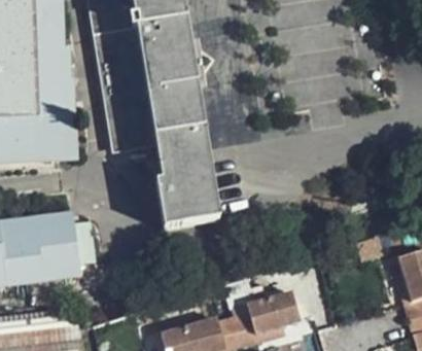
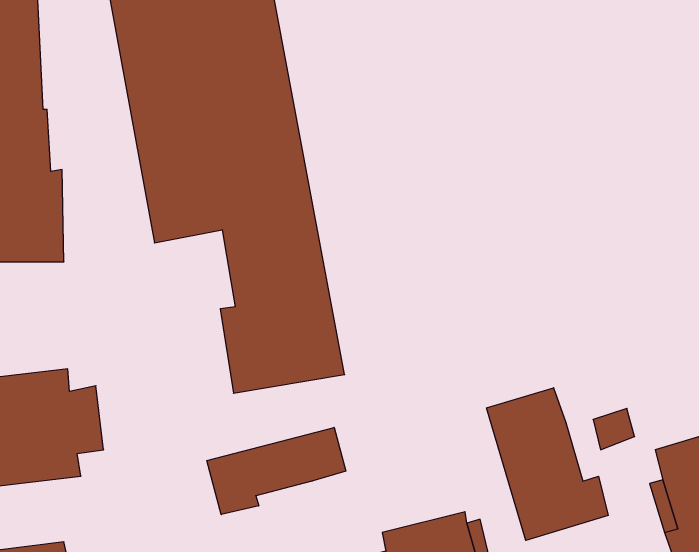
building: none -> [487,388,608,540]
building: none -> [207,427,346,515]

